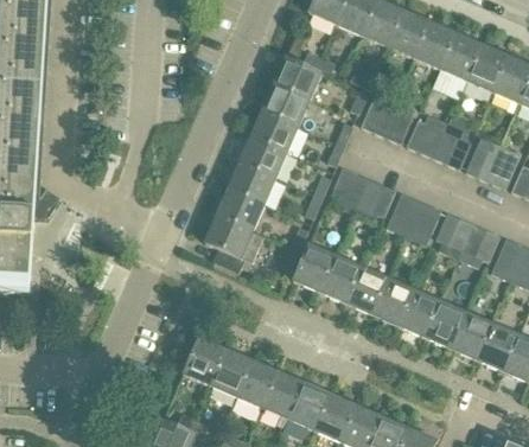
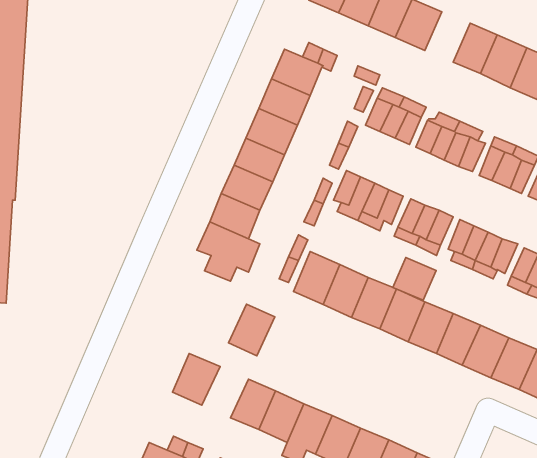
building: [414,23,455,69] -> none
building: none -> [393,258,436,300]
building: [209,349,251,396] -> [229,304,275,356]

